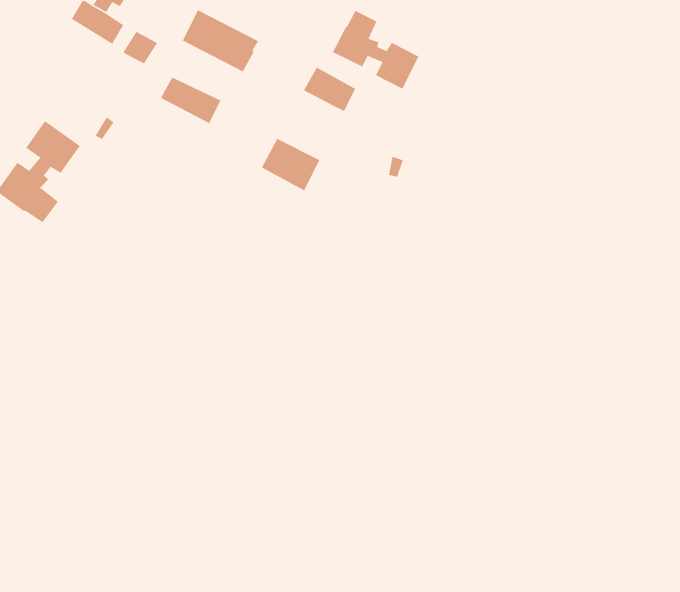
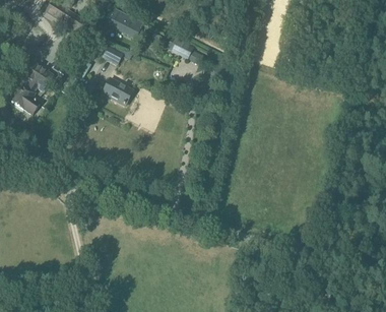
building: [332,10,419,90] -> none
building: [261,138,320,192] -> [103,78,133,106]

